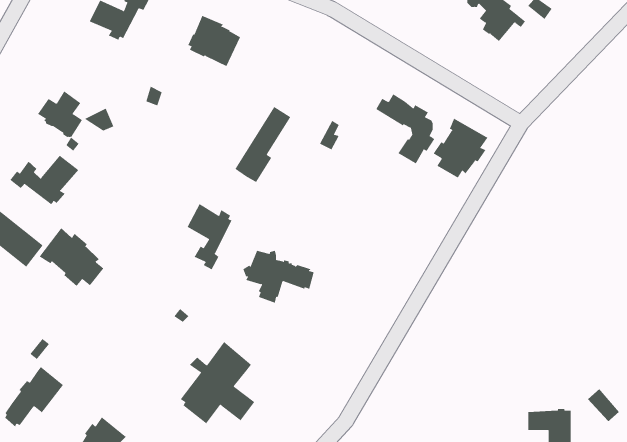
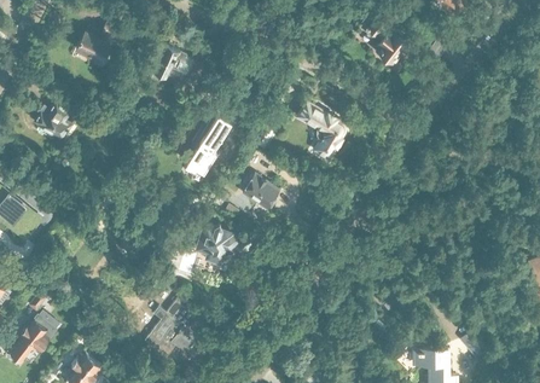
building: [433,118,488,179] -> none
building: [9,155,79,205] -> none
building: none -> [243,174,280,210]
building: [187,203,232,270] -> none
building: [39,227,104,287] -> none

